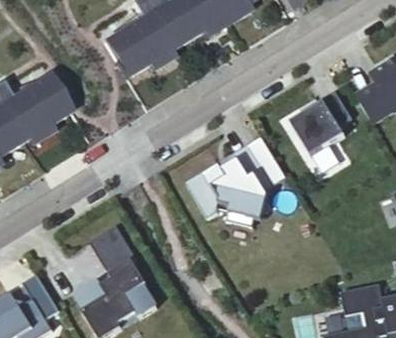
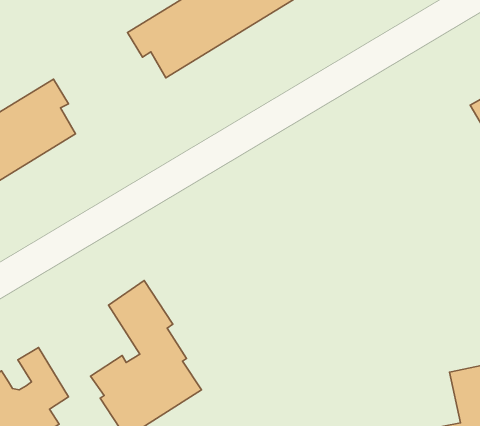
building: [290,91,353,156] -> none
building: [186,136,287,228] -> none

